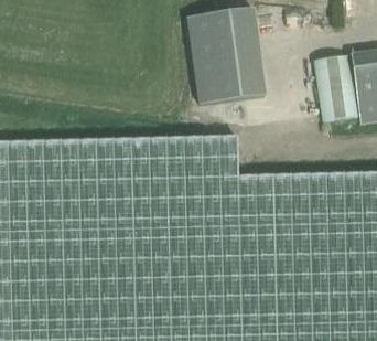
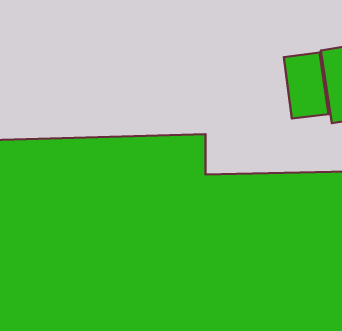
building: [187,10,266,107] -> none

